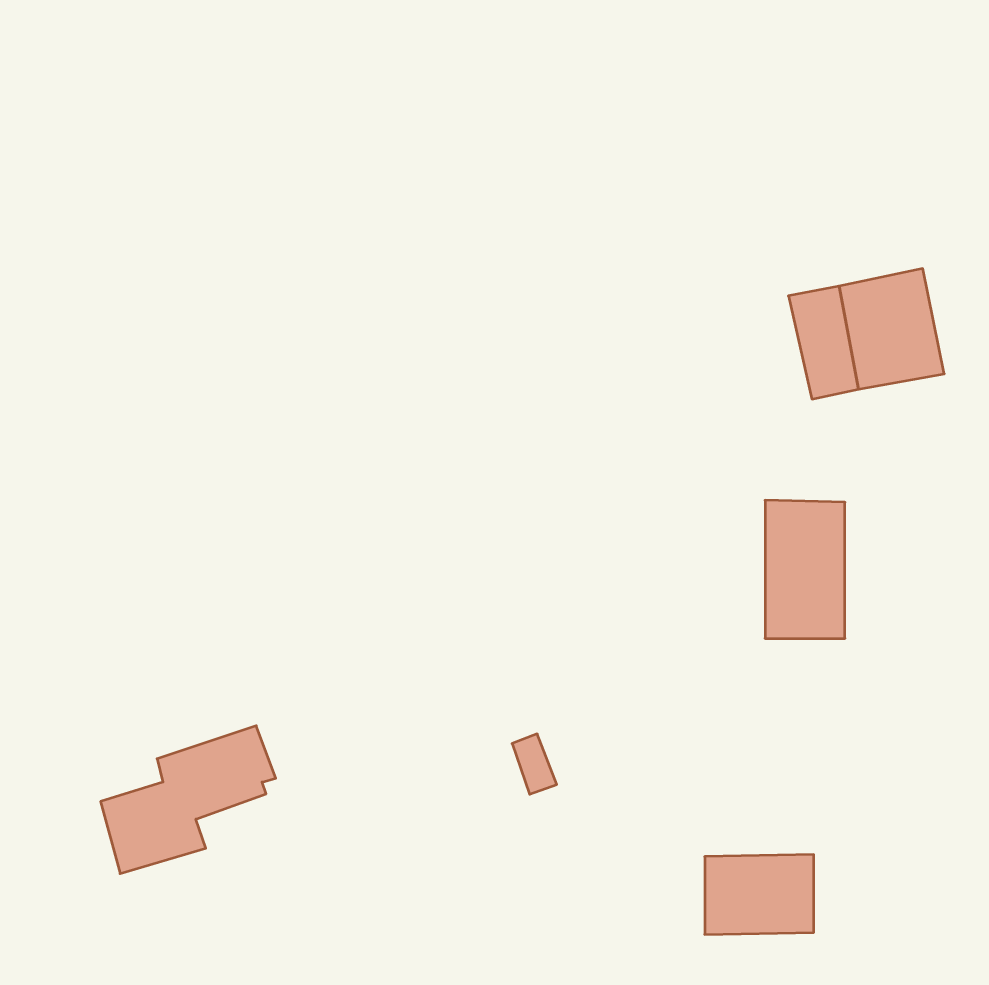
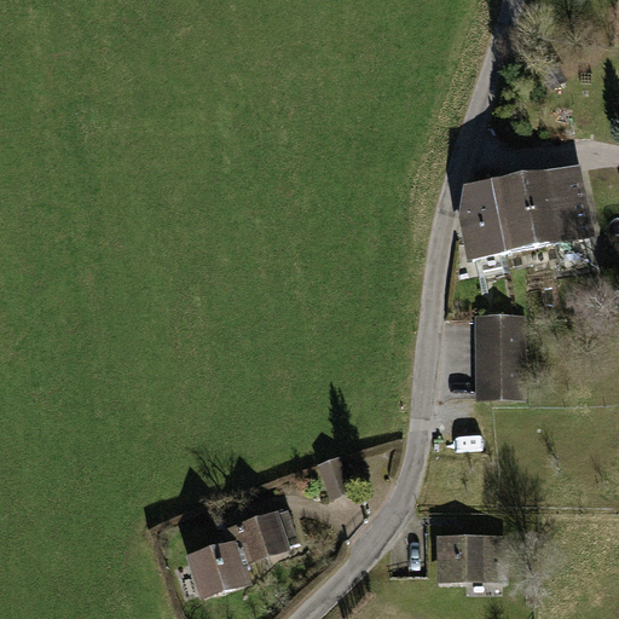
building: none -> [461,181,504,255]
building: [101,726,276,874] -> [185,510,294,602]

